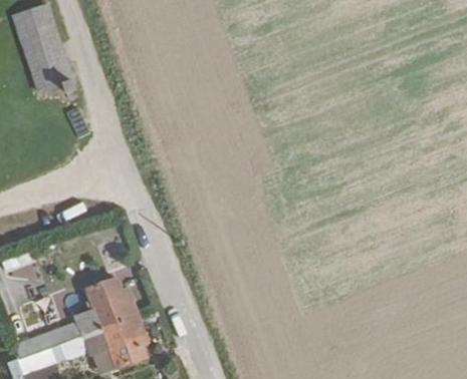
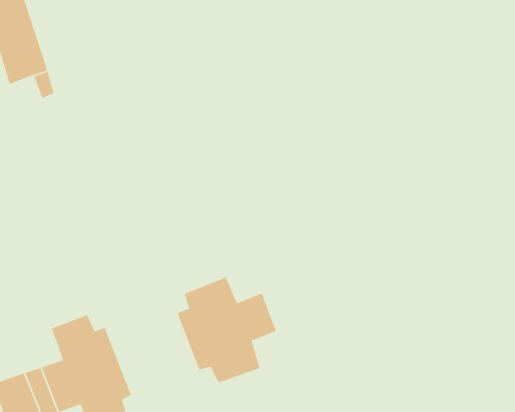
building: none -> [176,276,277,384]

